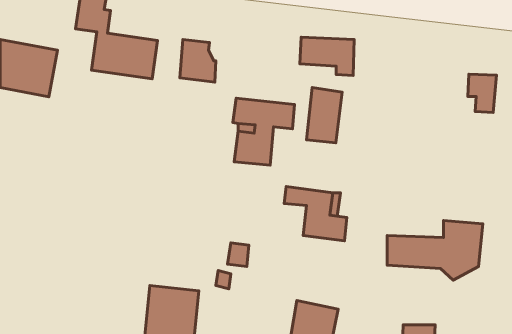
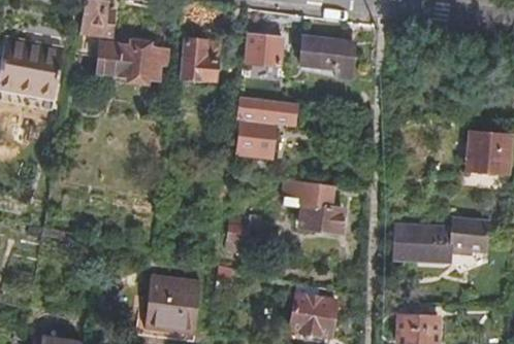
building: none -> [246,33,281,65]
building: [468,74,496,113] -> [472,133,500,170]
building: [307,87,342,143] -> none

